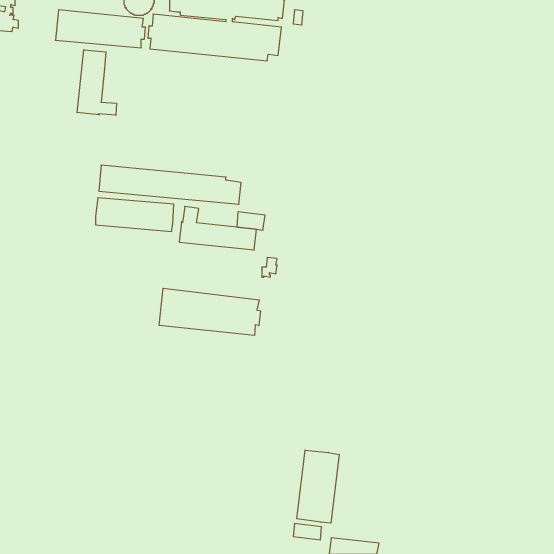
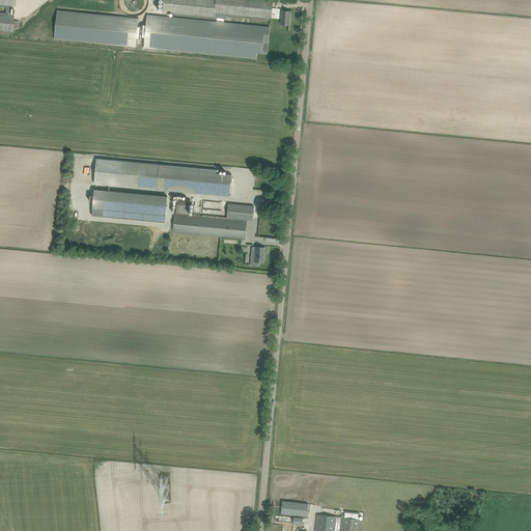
building: [77,50,116,115] -> none
building: [159,288,261,335] -> none
building: [297,450,339,523] -> none

